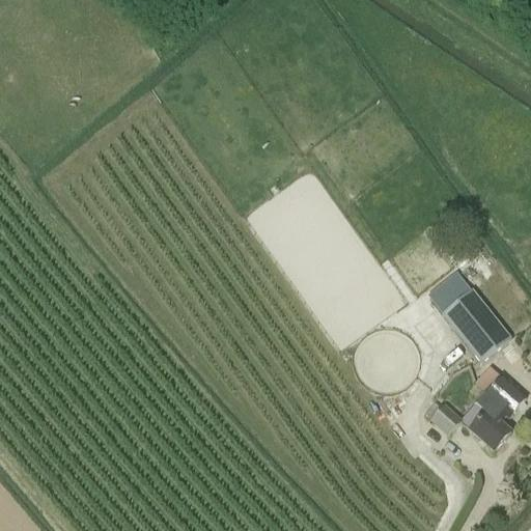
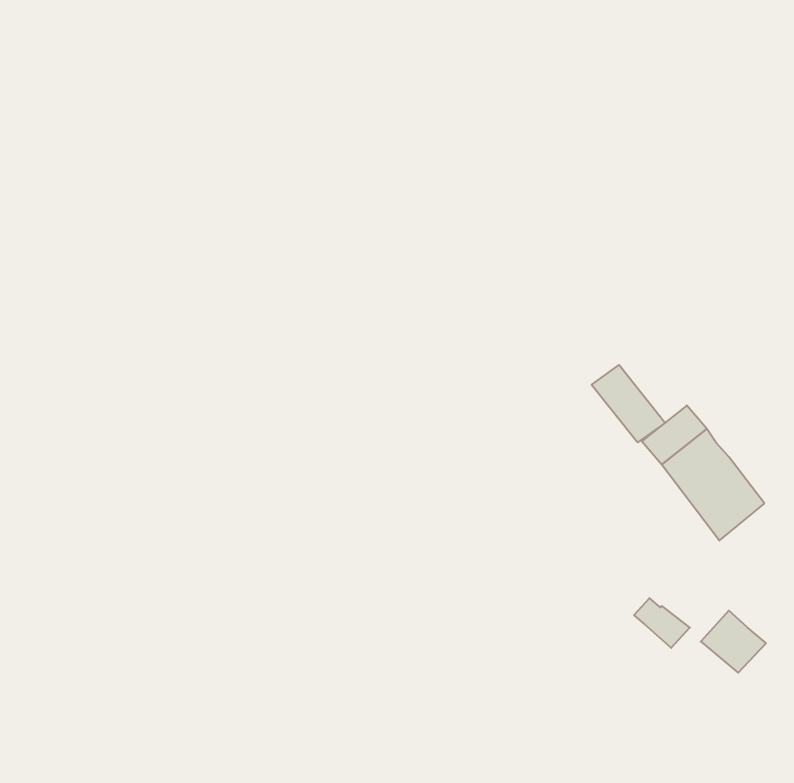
building: none -> [592,365,665,442]
building: [476,365,526,419] -> none

